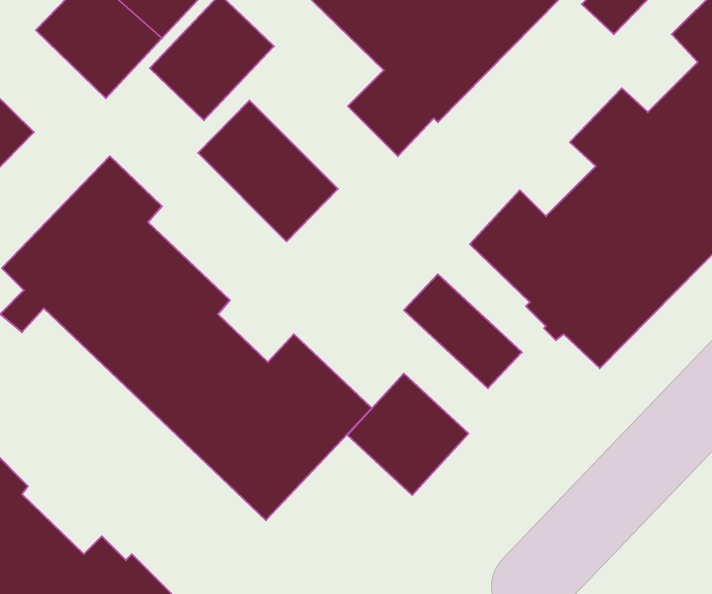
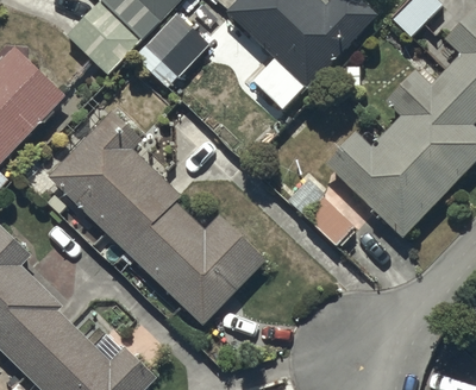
building: [198,100,338,241] -> none
building: [348,374,468,495] -> none

